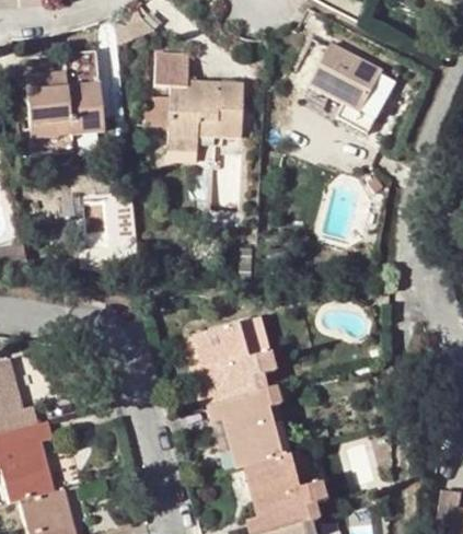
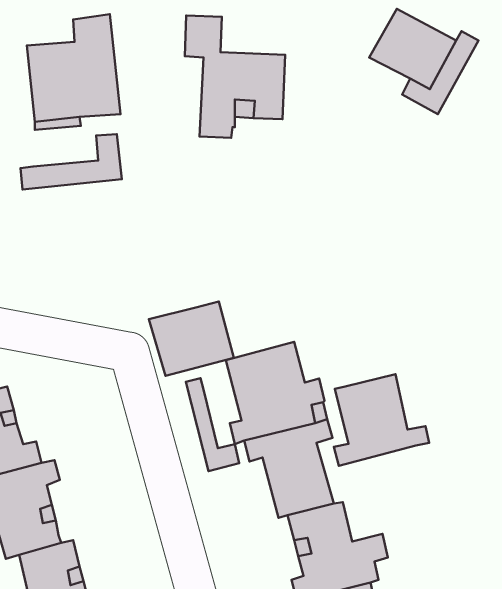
building: none -> [21,134,122,190]
building: none -> [149,302,234,376]
building: none -> [334,374,429,466]
building: none -> [186,378,239,471]

